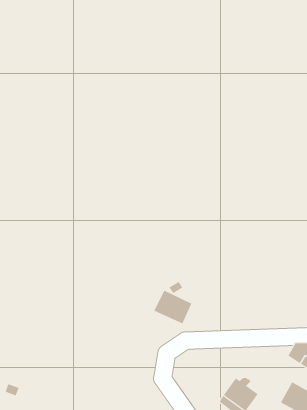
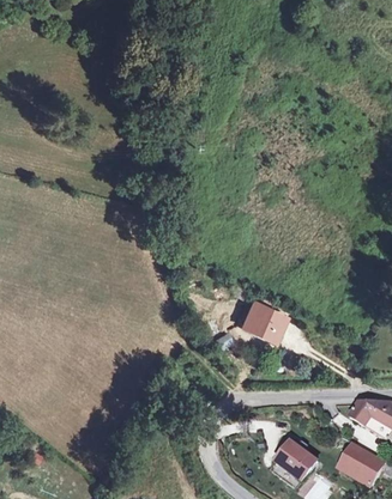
building: [154,290,192,324] -> [242,299,287,339]

